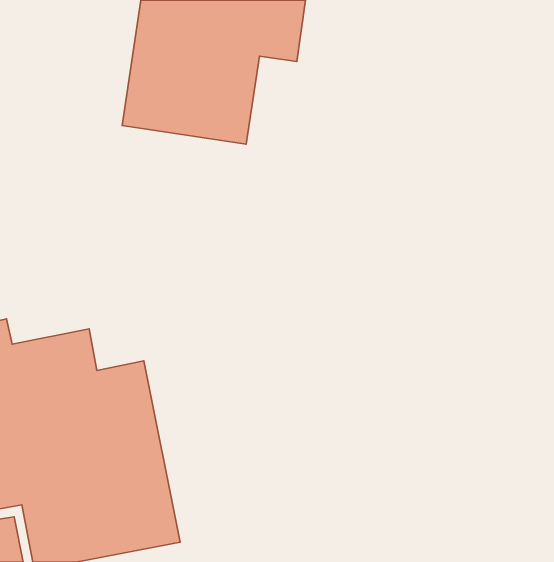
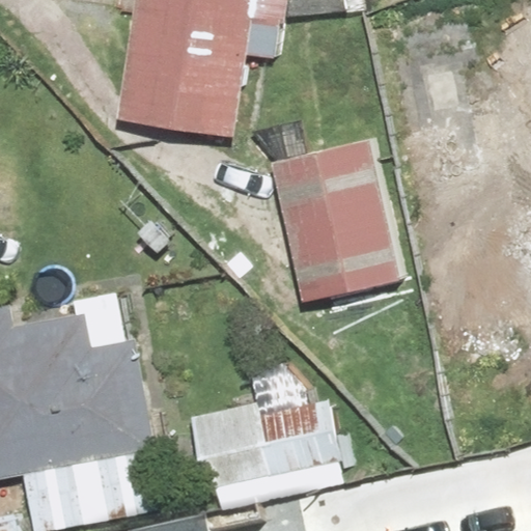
building: none -> [270,140,402,305]
building: none -> [189,398,307,505]

